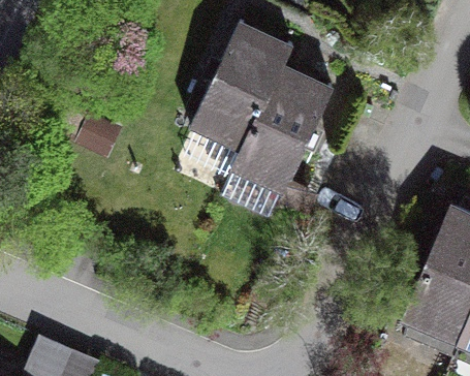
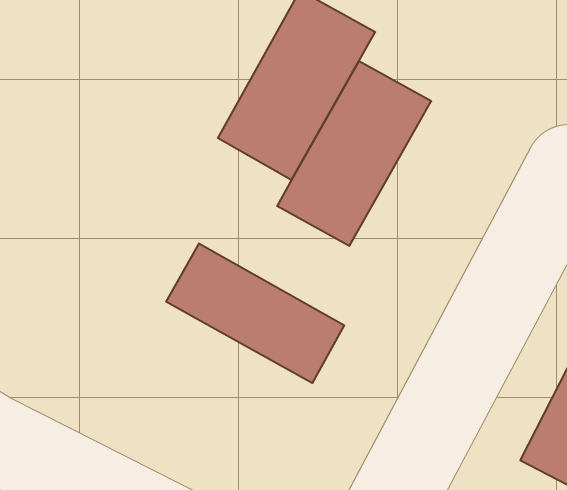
building: none -> [166,243,344,383]

